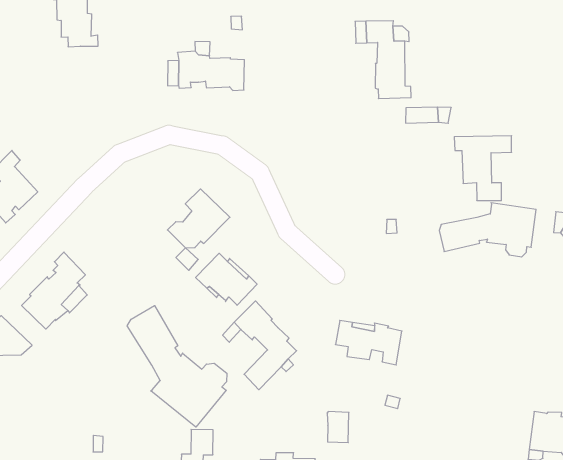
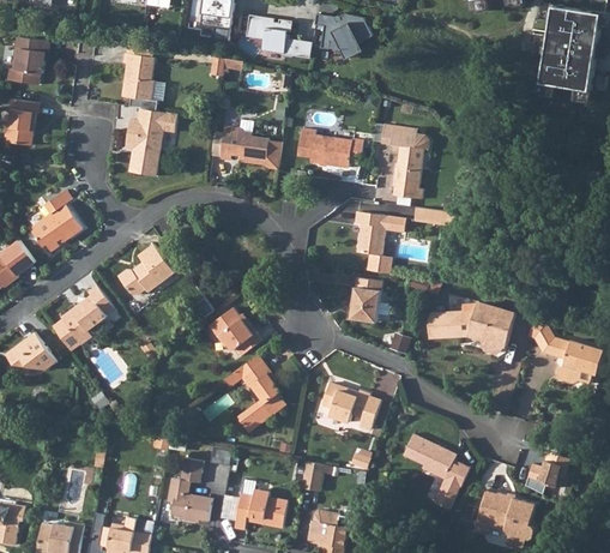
building: none -> [296,128,362,168]
building: none -> [125,108,176,176]
building: [454,136,512,201] -> [354,211,405,274]
building: [167,189,230,248] -> [116,245,173,295]
building: none -> [349,278,381,323]
building: [127,306,227,427] -> none
building: none -> [401,434,469,510]

